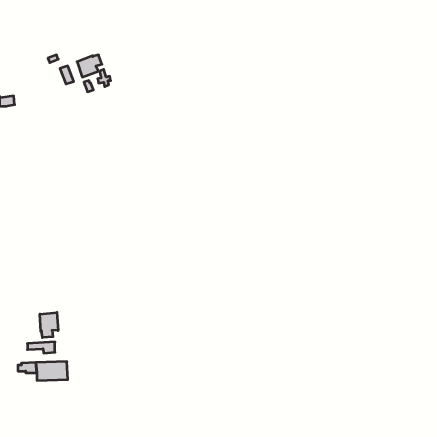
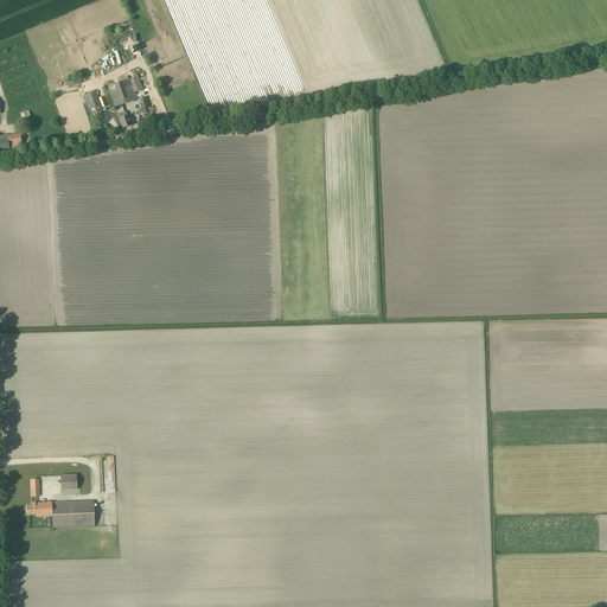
building: [40,312,58,338] -> none

